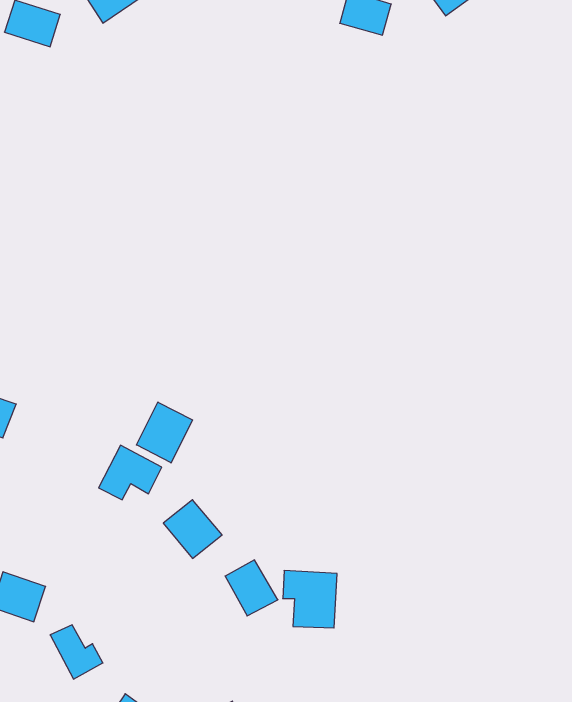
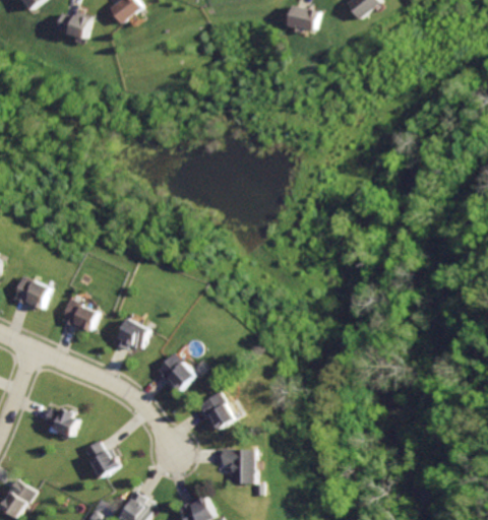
building: [136,402,193,463] -> none
building: none -> [63,300,101,335]
building: [283,571,337,628] -> [222,447,259,486]

